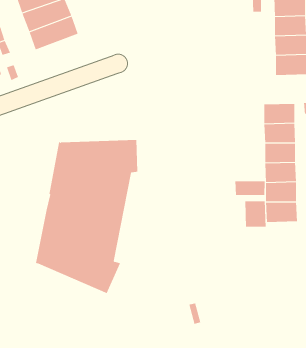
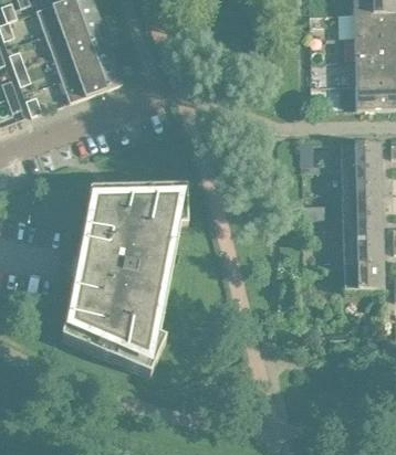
building: none -> [61,59,123,102]
building: [235,181,265,196] -> none
building: [245,201,266,228] -> none

